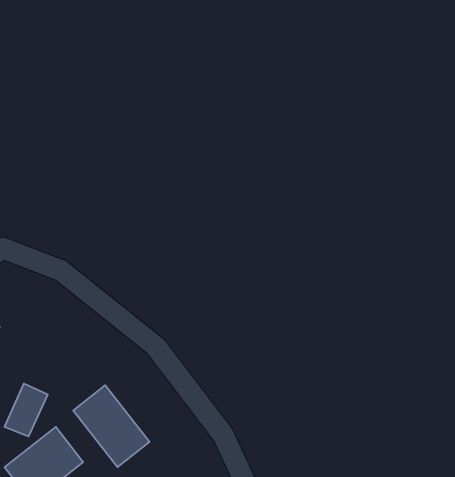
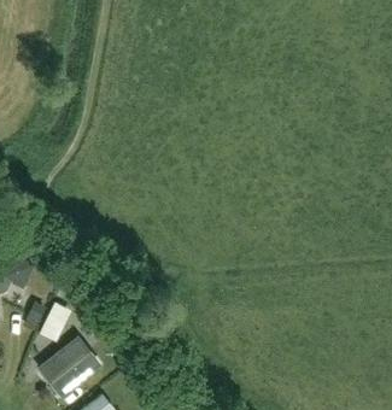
building: [73,385,150,467] -> none

